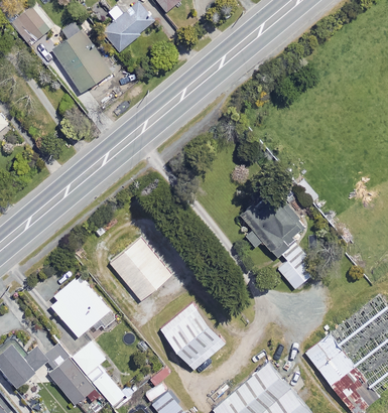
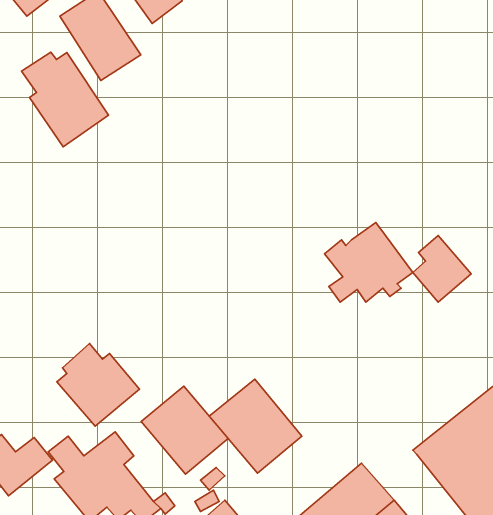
building: none -> [21,52,109,147]
building: [109,238,170,300] -> [141,386,228,474]
building: [276,242,317,289] -> [413,235,471,302]

